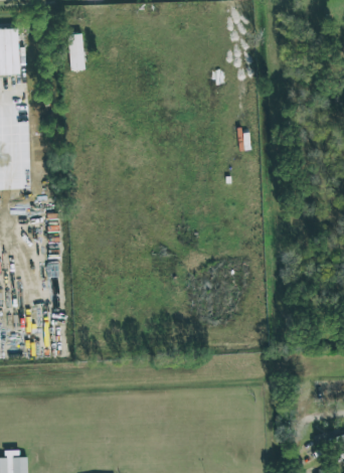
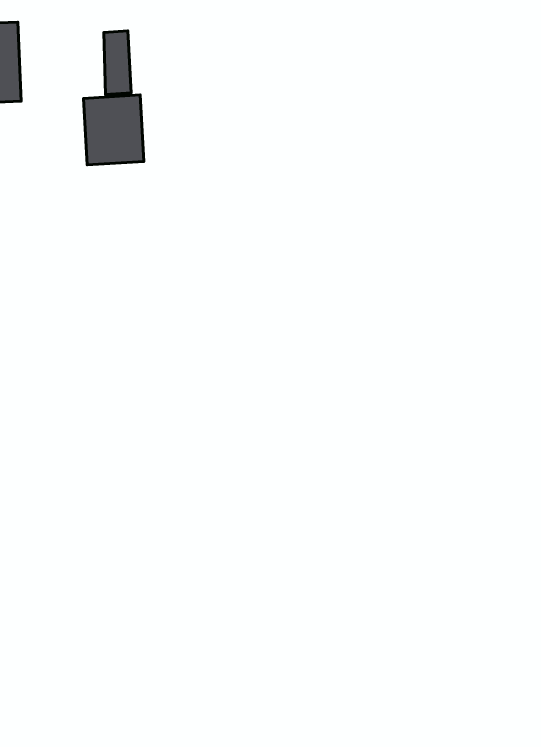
building: none -> [84,95,144,165]

